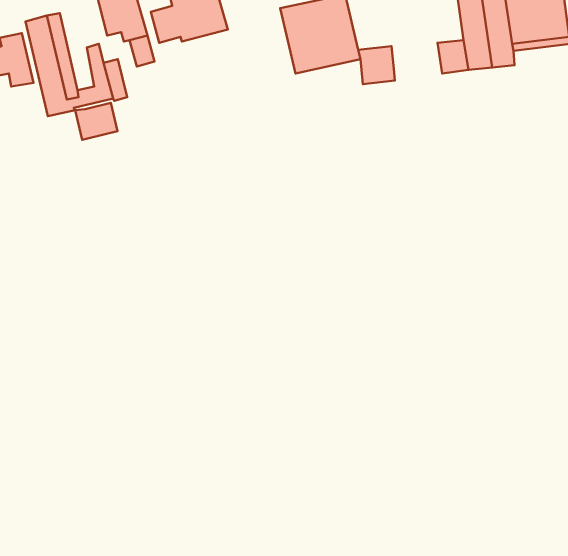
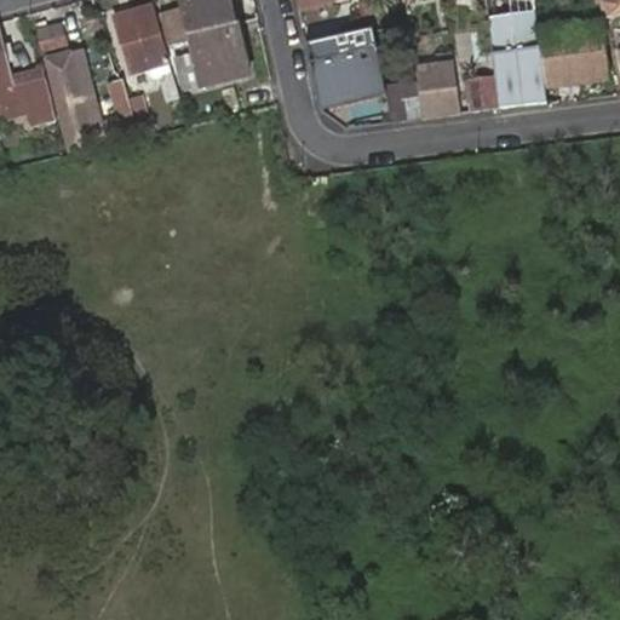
building: none -> [417,59,458,116]
building: [75,103,117,140] -> none

